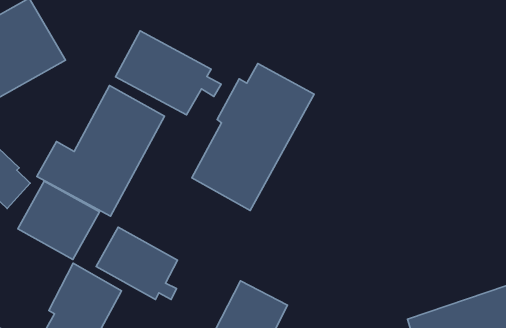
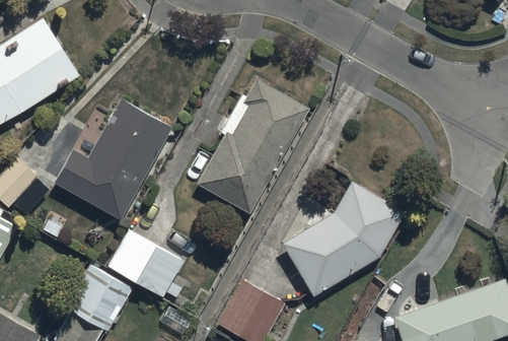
building: [115,31,221,115] -> none
building: none -> [282,184,405,296]
building: [18,181,99,259] -> none

